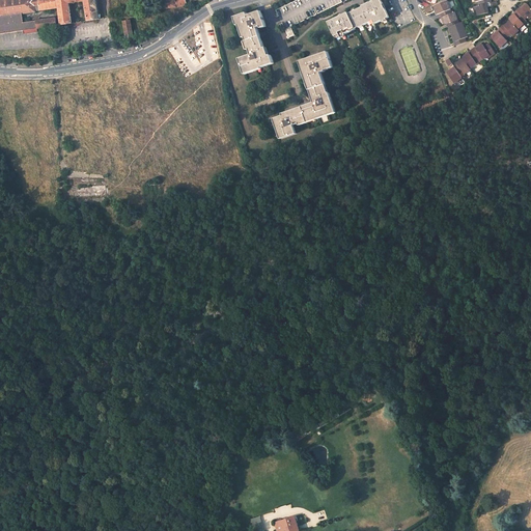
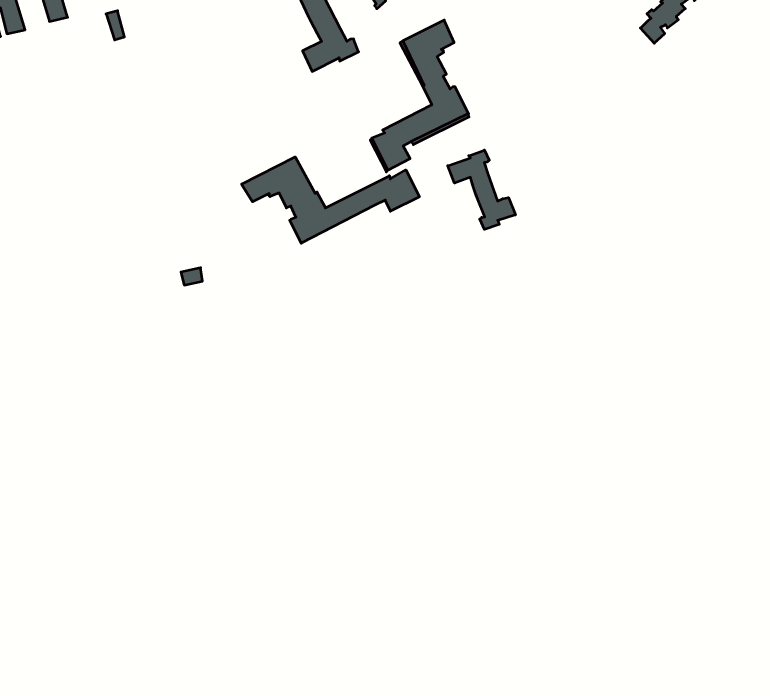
building: none -> [242,157,419,243]
building: none -> [448,150,515,229]

